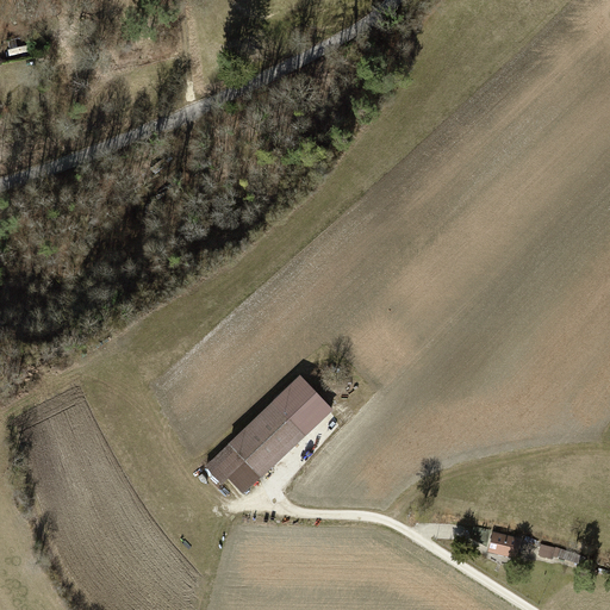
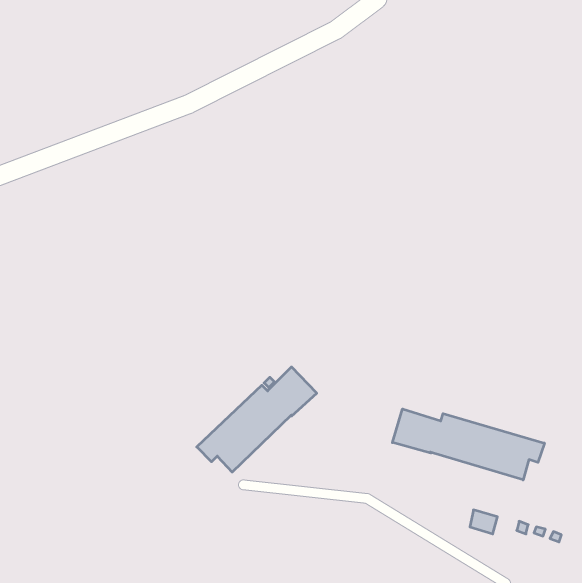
building: none -> [392,409,544,480]

